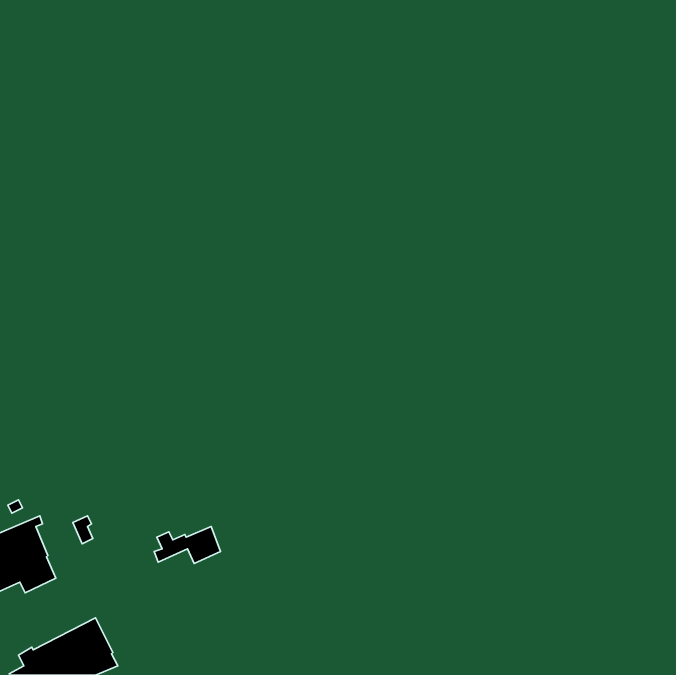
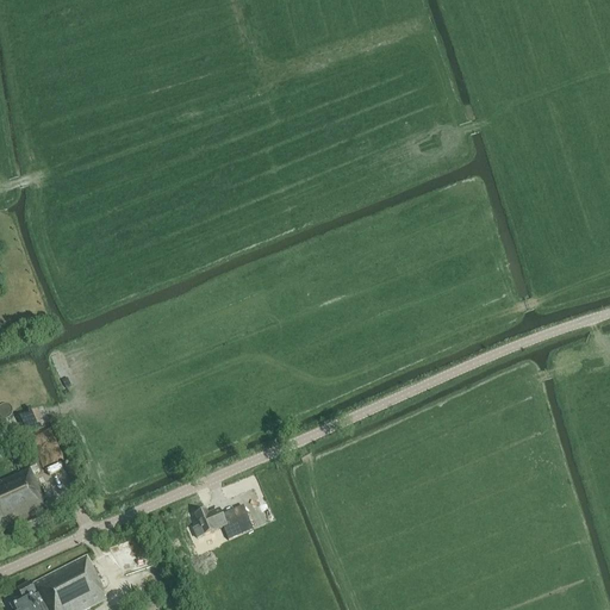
building: [154,526,221,564] -> [192,505,251,539]

